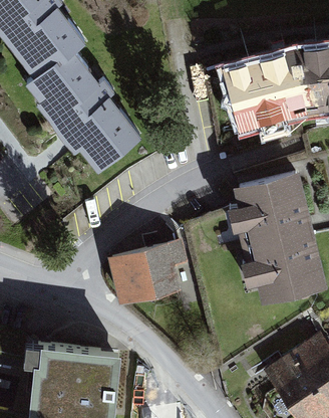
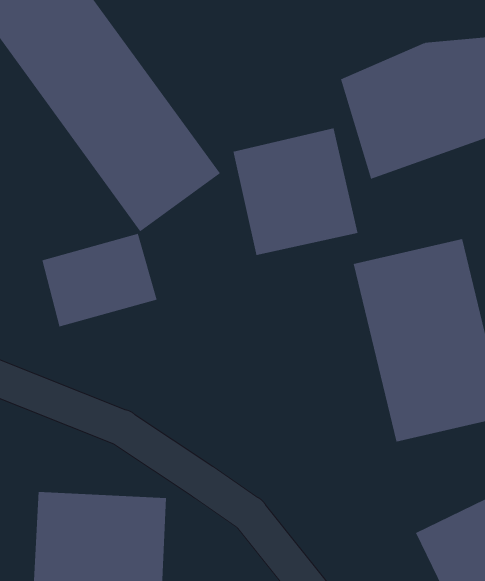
building: none -> [233,127,358,256]
building: [109,241,183,300] -> [41,233,158,327]

